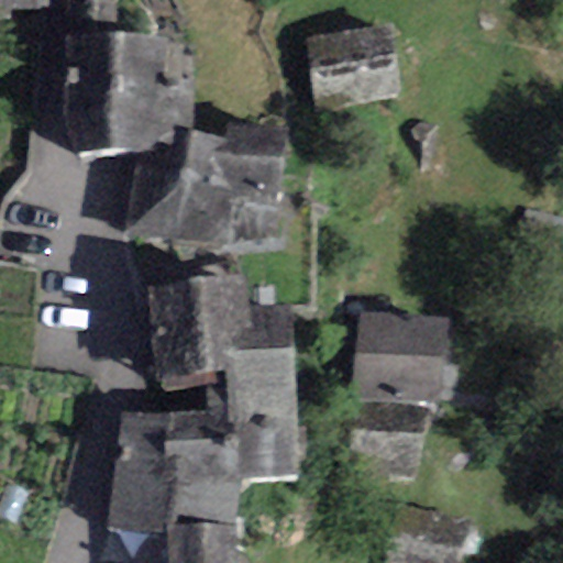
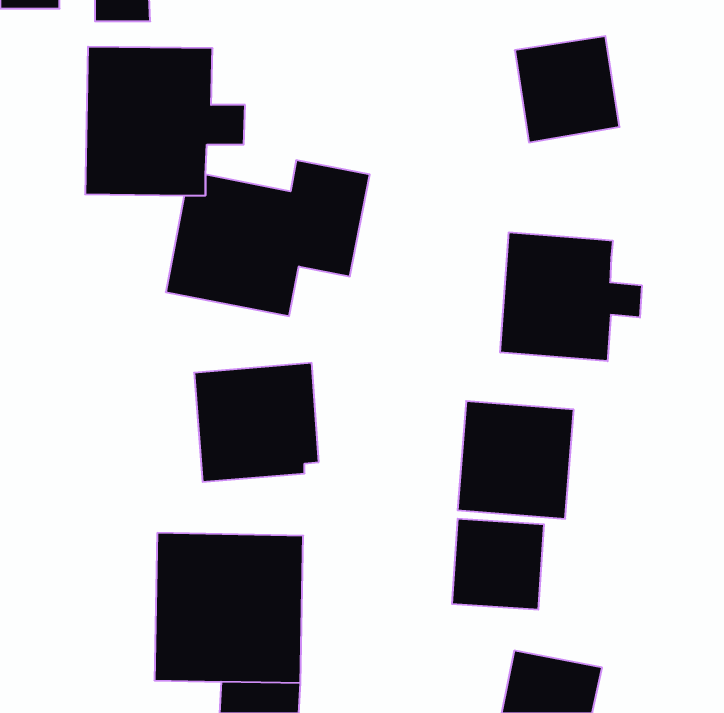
building: [320,24,401,107] -> [515,36,620,142]
building: none -> [500,232,642,361]
building: [234,358,291,473] -> none

